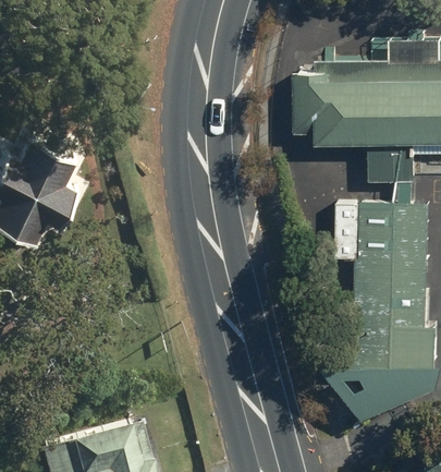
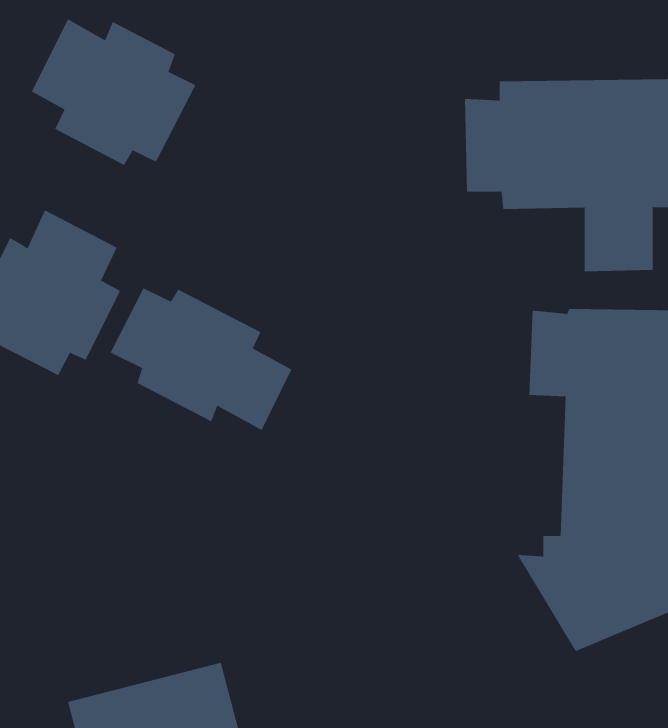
building: none -> [31,19,196,166]
building: none -> [110,287,292,431]

